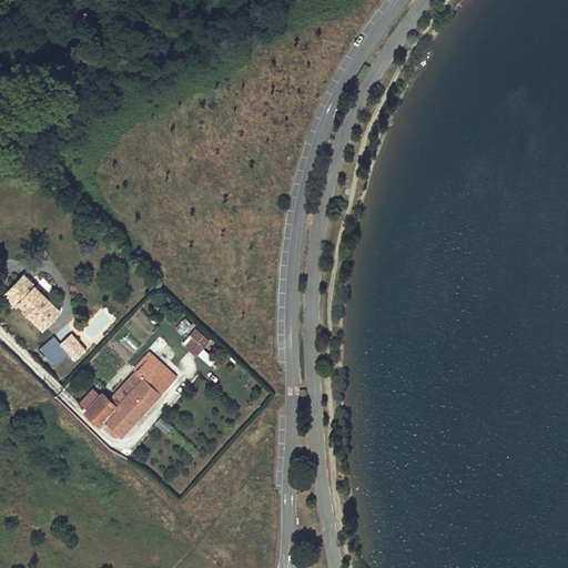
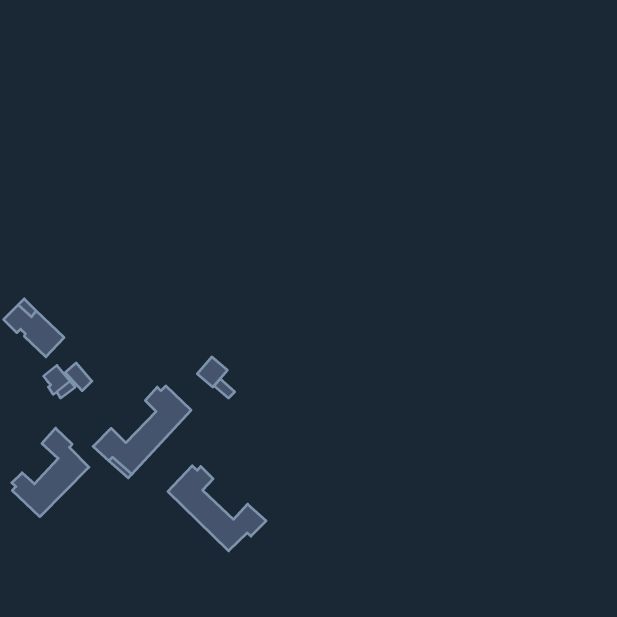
building: none -> [12,428,89,517]
building: none -> [168,466,266,551]

